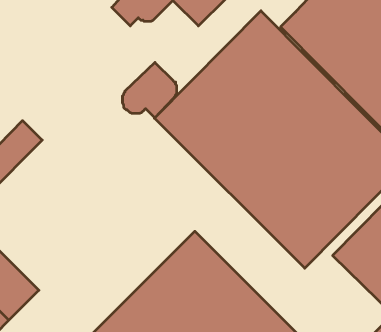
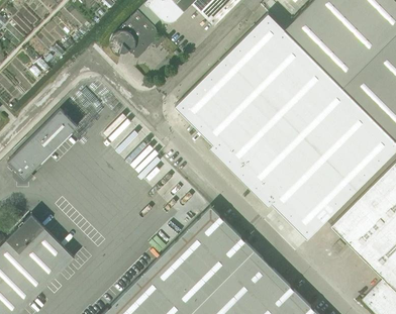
building: [122,62,177,118] -> [109,9,157,58]

